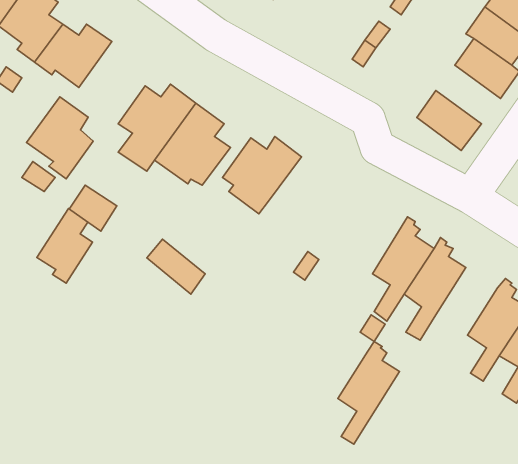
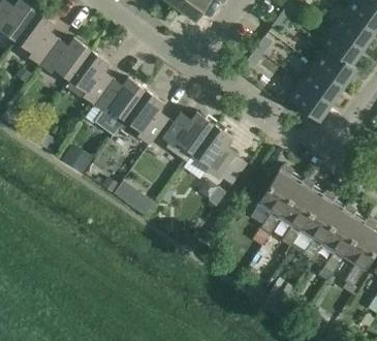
building: none -> [302,65,344,103]
building: [27,97,93,179] -> [68,50,112,103]
building: none -> [192,125,237,179]
building: [37,209,92,283] -> none
building: [338,342,400,444] -> [302,191,342,258]

